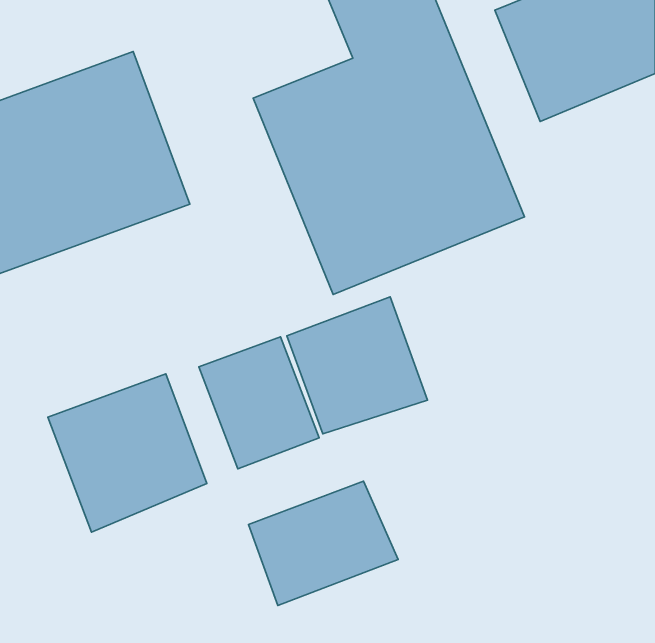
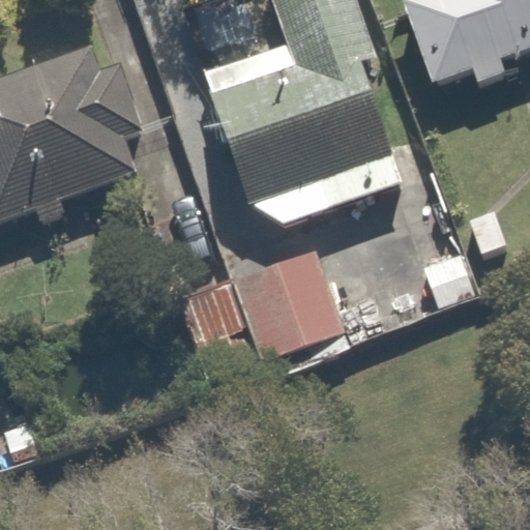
building: [48,374,207,532] -> none
building: [248,481,398,605] -> none

